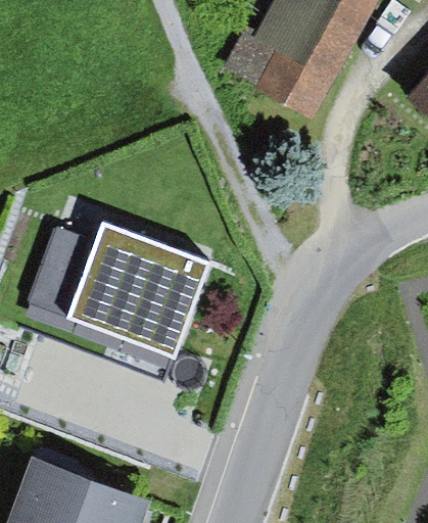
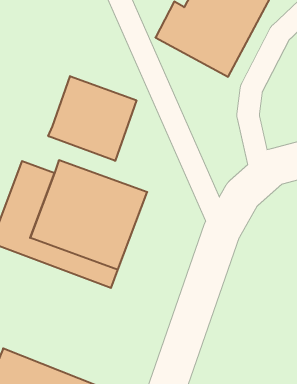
building: none -> [48,76,136,161]

